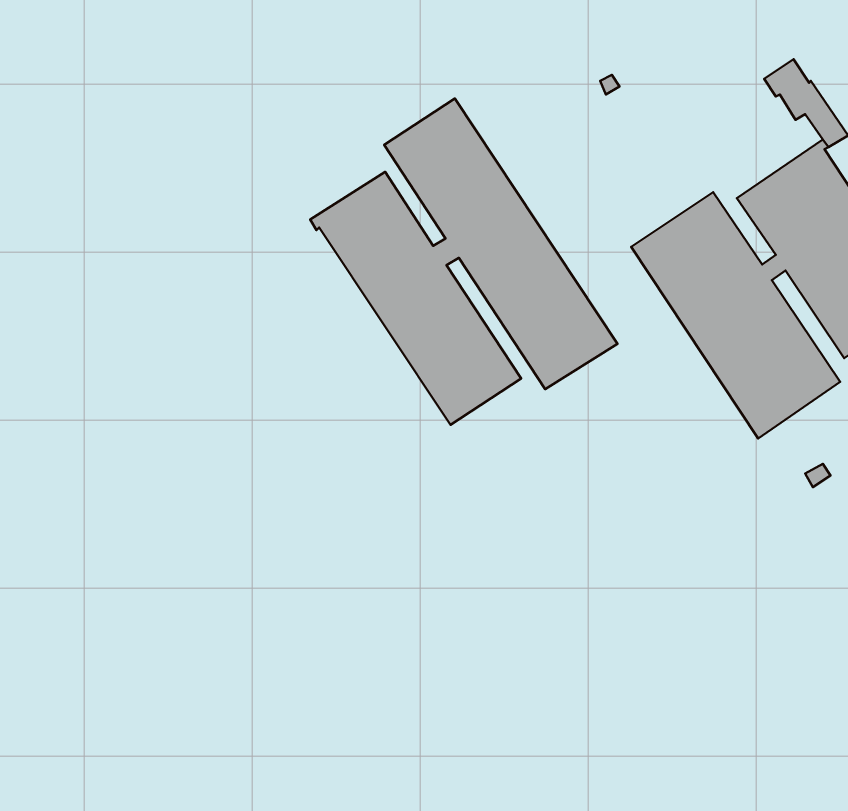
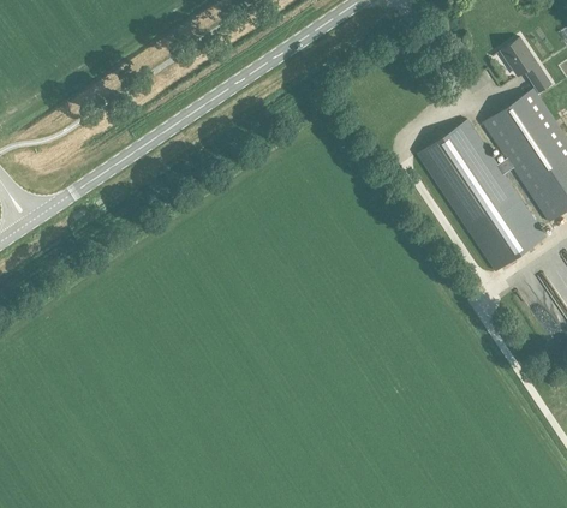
building: [310,98,618,425] -> none

